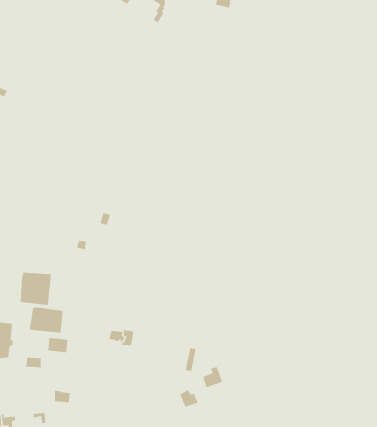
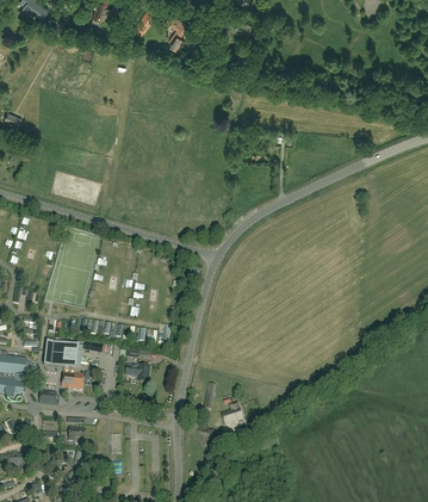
building: [20,272,52,306] -> none

